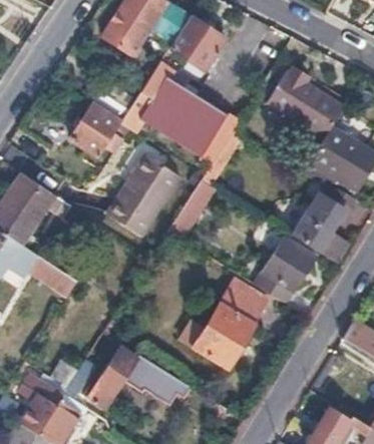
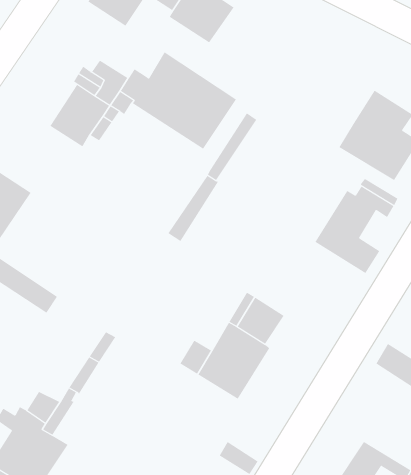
building: [269,64,344,137] -> none
building: [106,155,179,237] -> none
building: [261,238,315,292] -> none
building: [85,345,192,408] -> none

